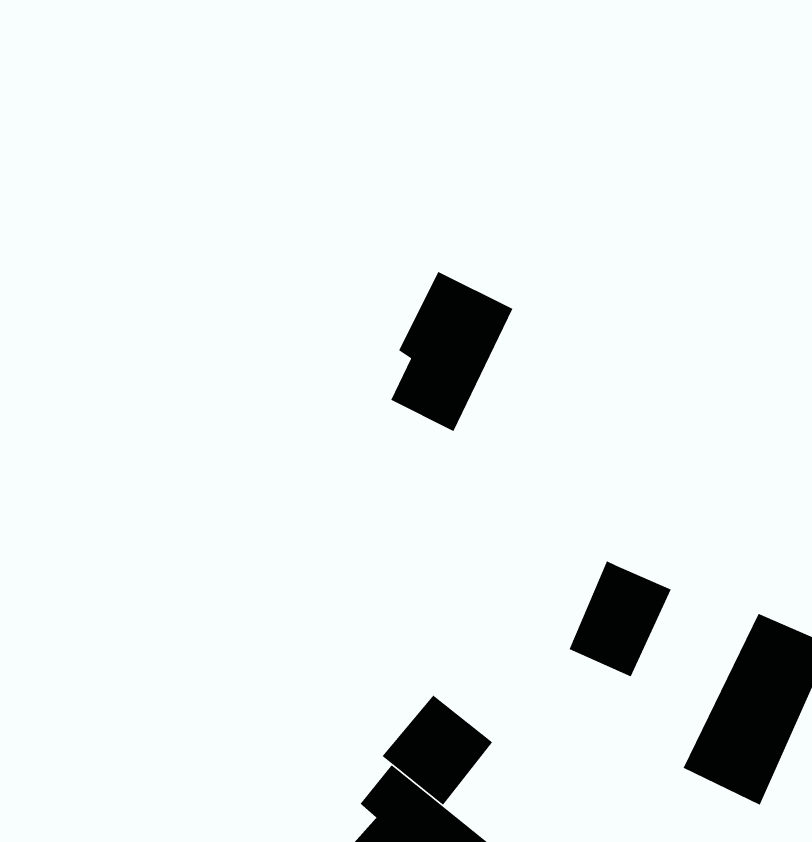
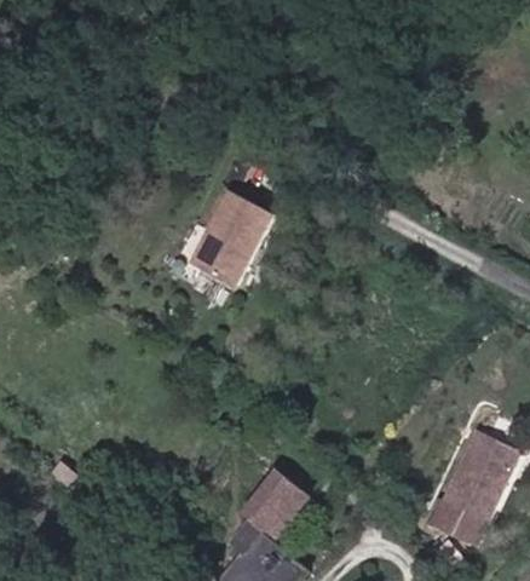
building: [390,271,514,432] -> [195,190,270,288]
building: [568,560,672,678] -> none

